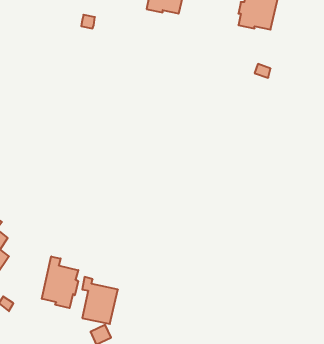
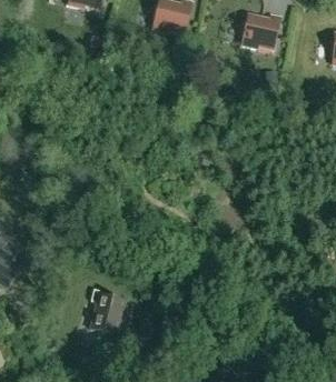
building: [42,256,78,308] -> none

